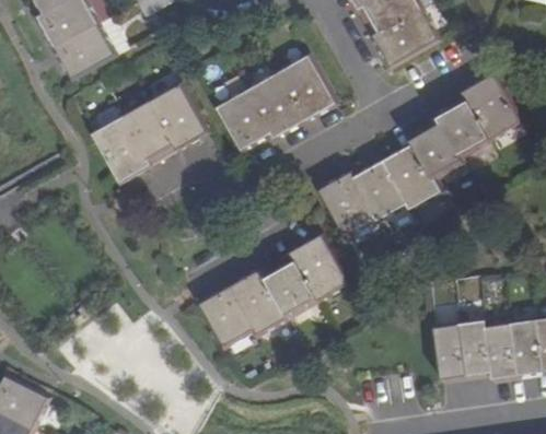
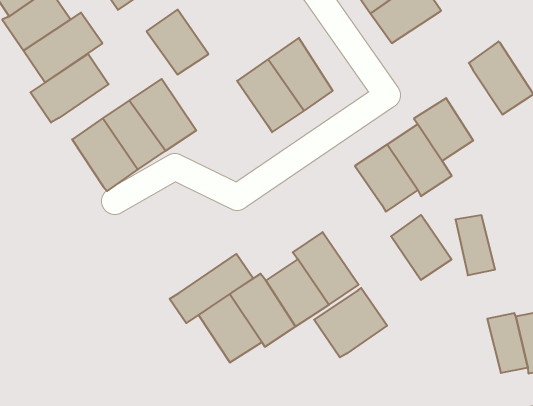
building: none -> [30,54,109,123]
building: [219,92,274,151] -> [147,10,208,74]
building: [434,97,488,157] -> none
building: [318,172,372,231] -> [391,215,452,280]
building: none -> [170,254,253,323]
building: none -> [314,288,387,357]
building: [437,325,469,378] -> [455,215,495,275]

